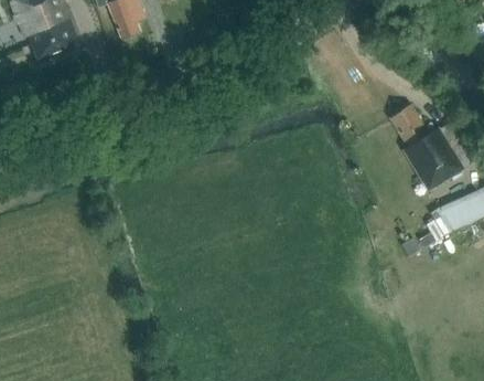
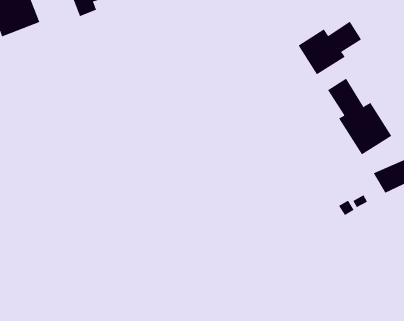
building: none -> [298,21,362,75]

